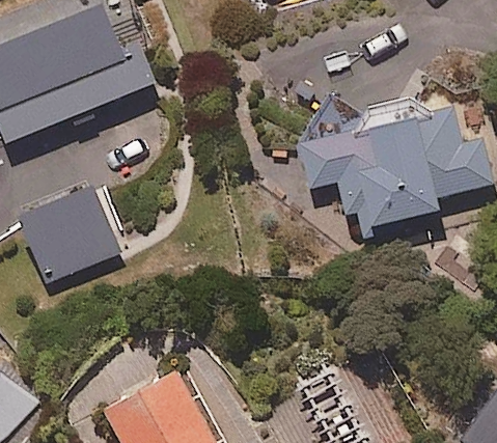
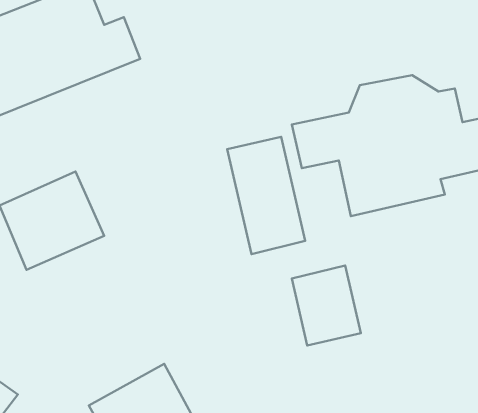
building: none -> [227,137,305,254]
building: none -> [292,266,361,345]

